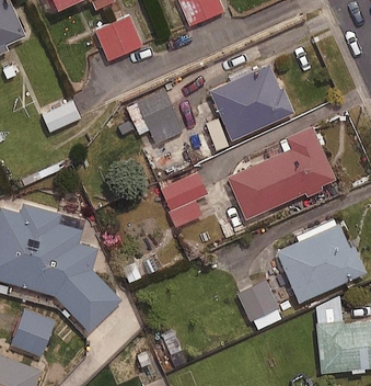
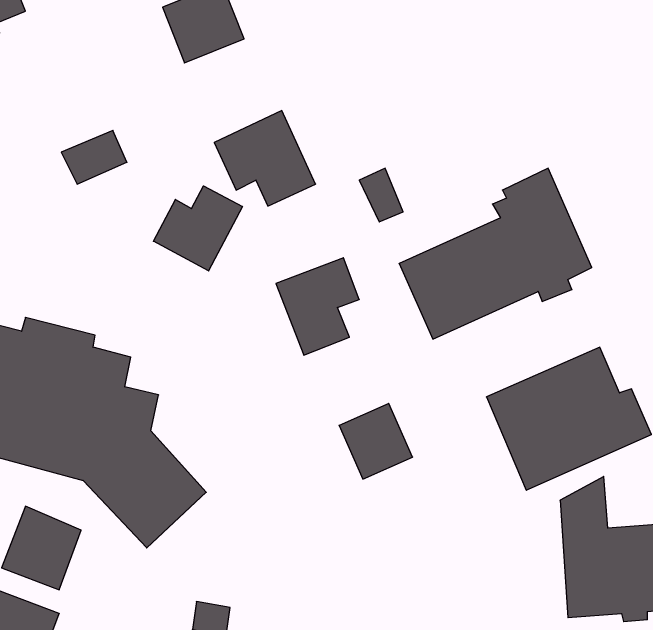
building: [209,64,292,140] -> none
building: none -> [153,186,242,271]
building: [236,280,277,321] -> [339,403,413,479]

